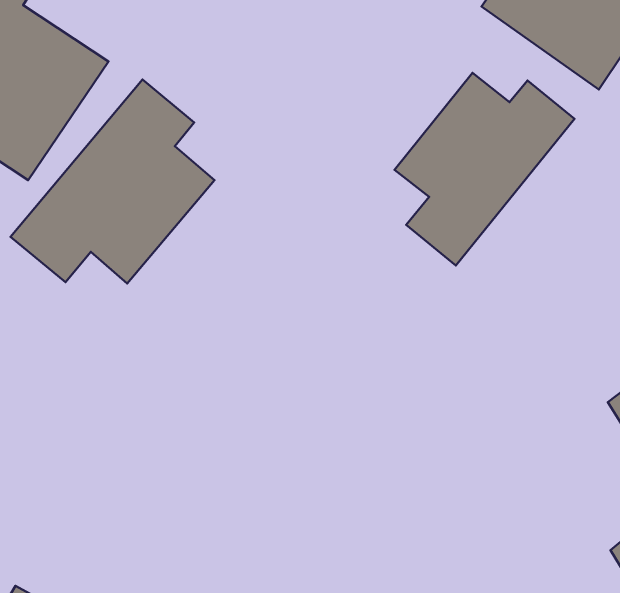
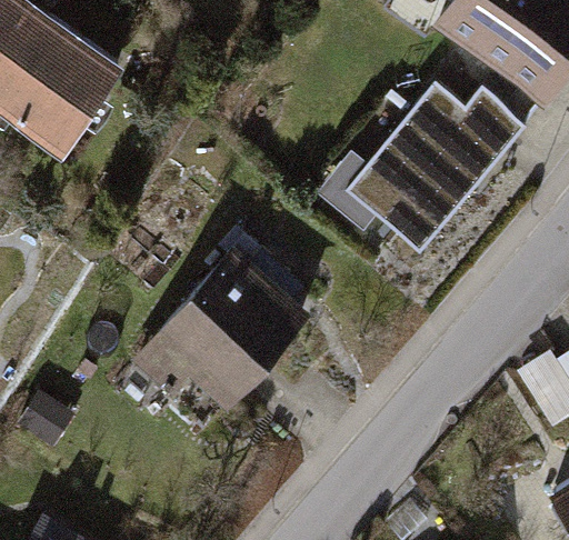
building: [11,80,214,283] -> none
building: none -> [137,252,310,412]

